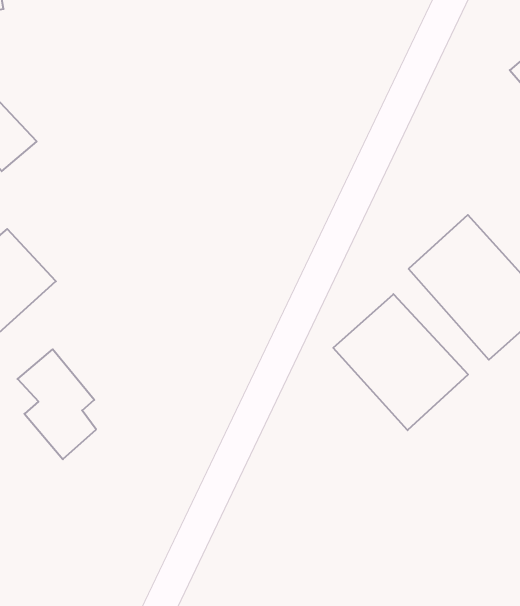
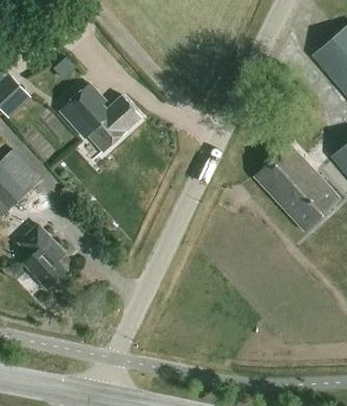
building: none -> [60,80,139,148]
building: [333,294,468,430] -> none

